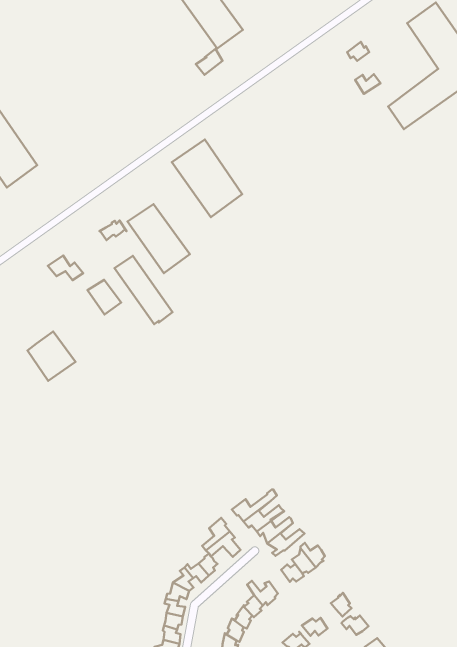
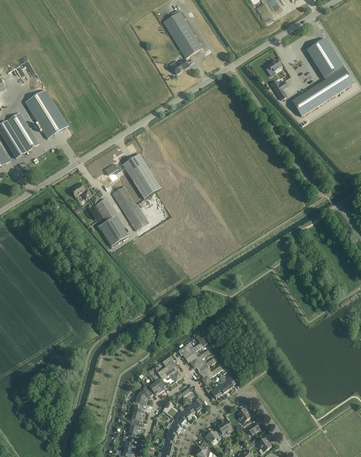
building: [172,140,242,217] -> none
building: [28,332,76,381] -> [98,215,128,246]

